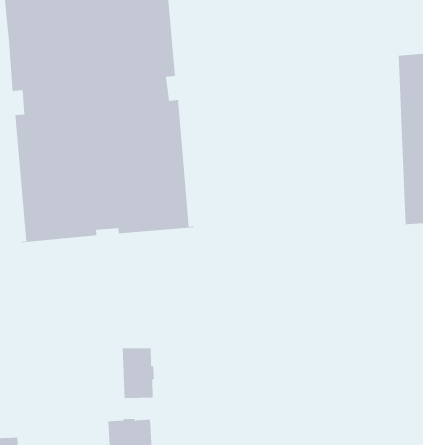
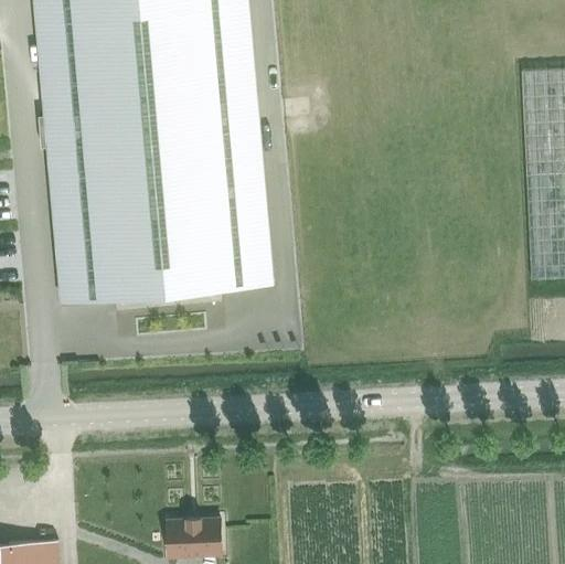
building: [122,347,155,399] -> none

